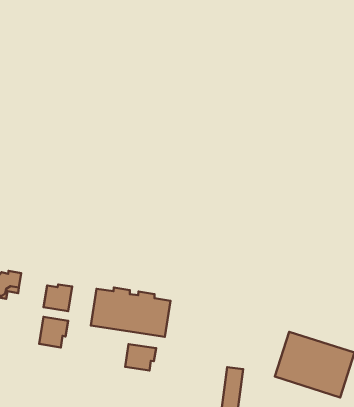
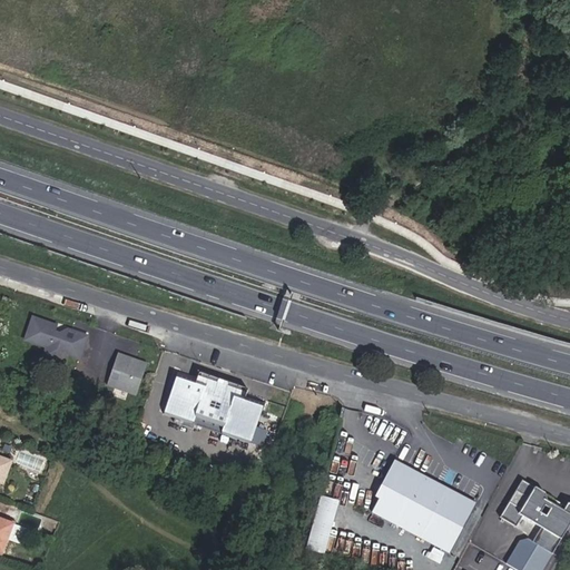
building: [39,317,68,347] -> none
building: [125,344,156,371] -> none

